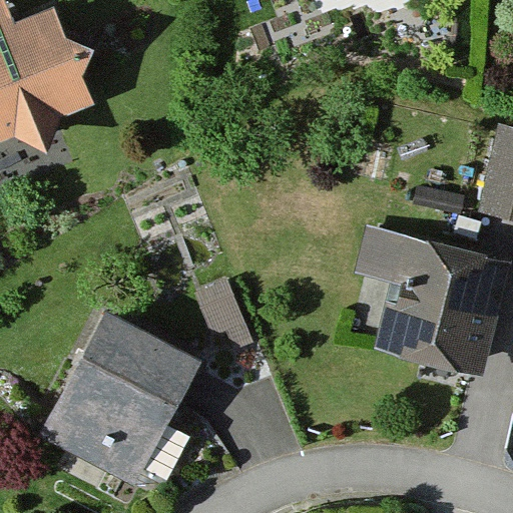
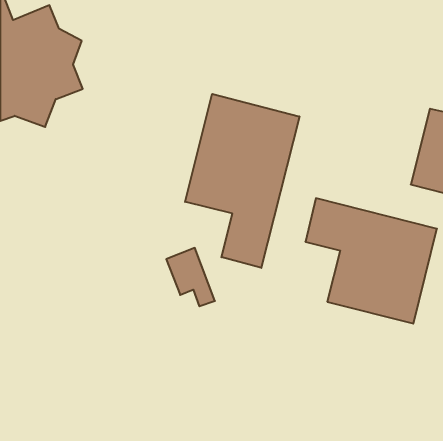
building: none -> [185,94,299,268]
building: [39,310,199,485] -> none

